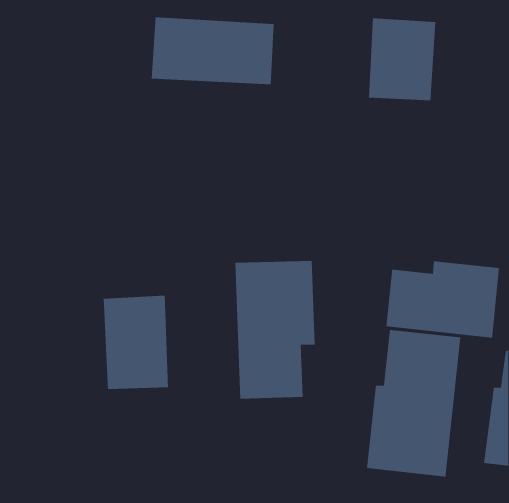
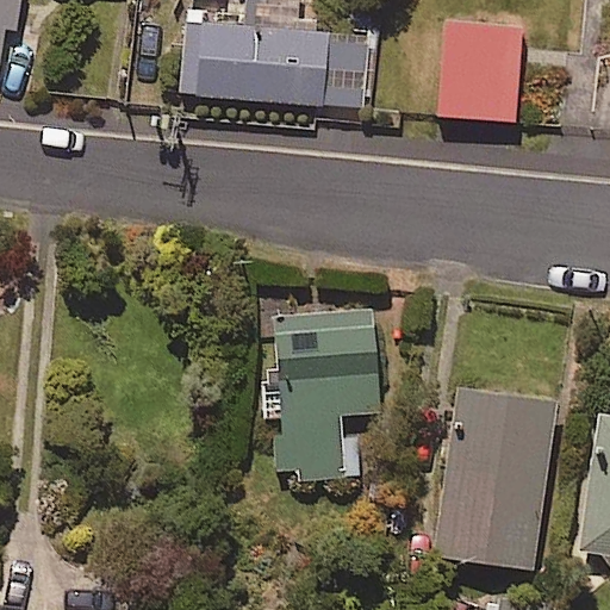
building: [386,260,500,339] -> none
building: [103,295,168,390] -> none

